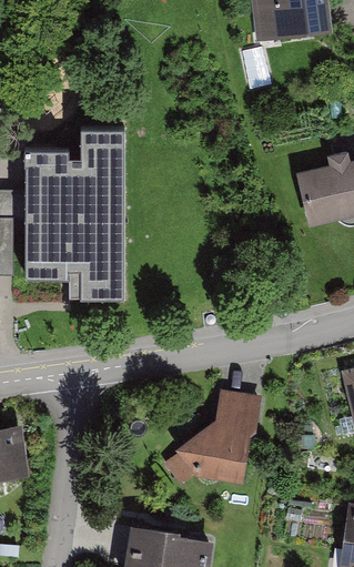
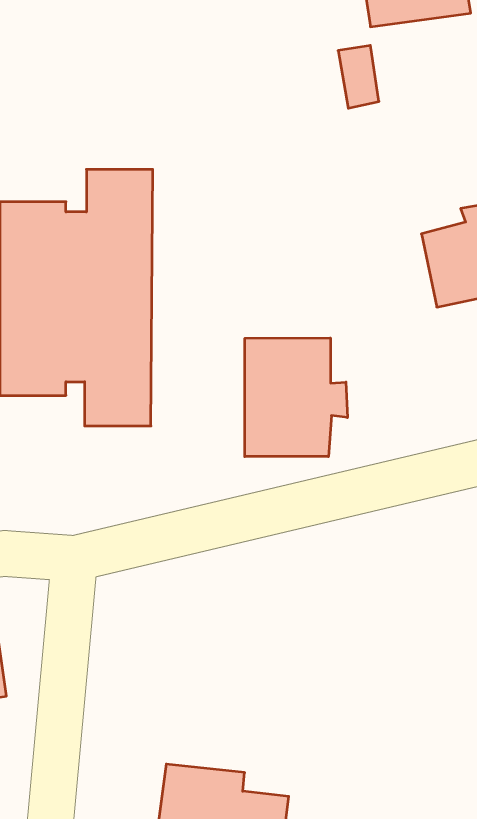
building: none -> [245,338,347,457]
building: [162,394,260,480] -> none

